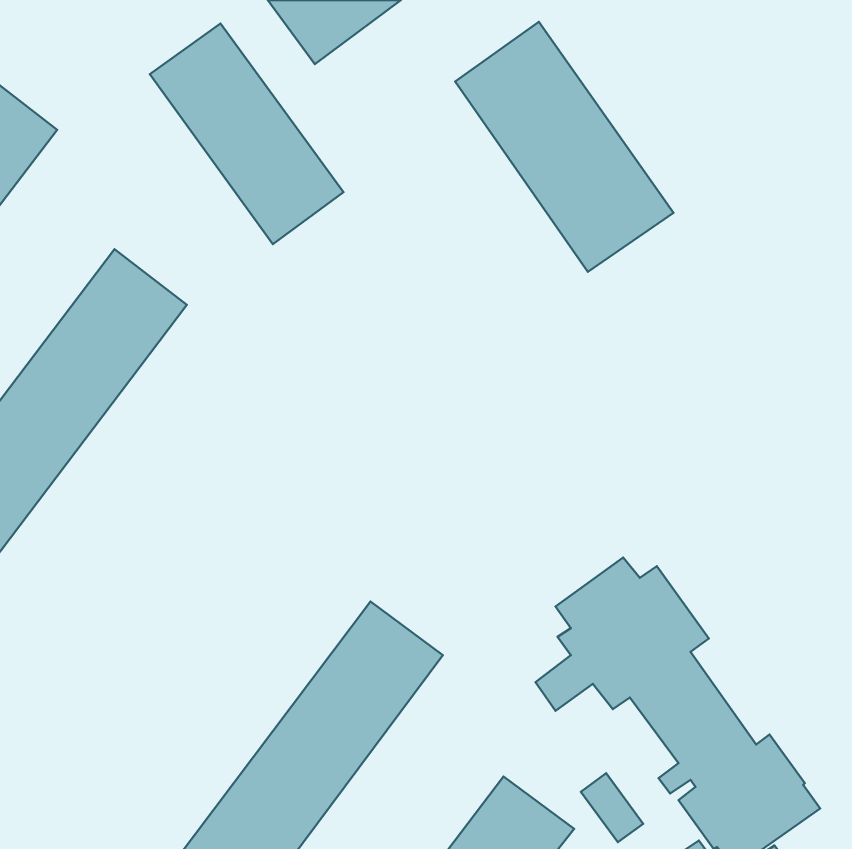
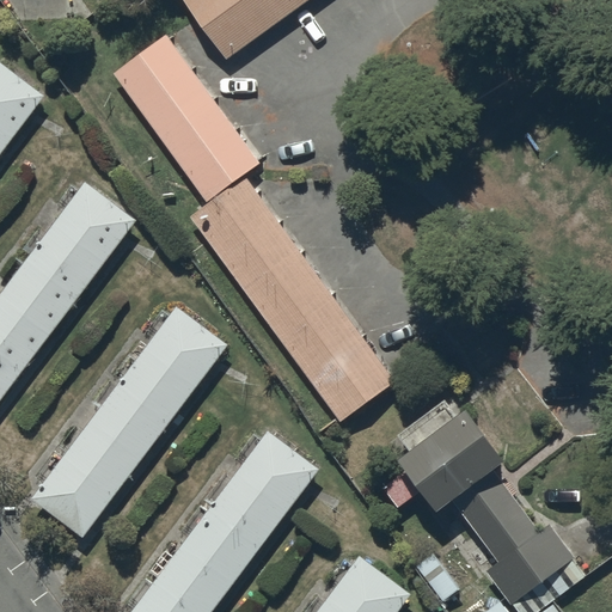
building: [455,22,673,272] -> none
building: none -> [189,166,388,409]
building: none -> [27,310,225,541]

